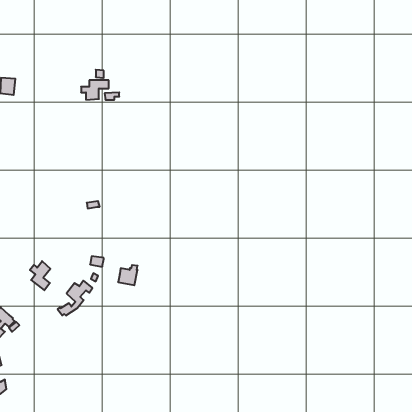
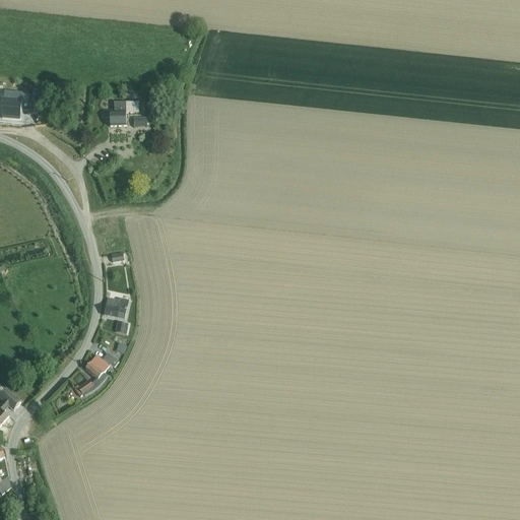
building: [30,261,50,290] -> none
building: [118,265,138,285] -> [102,292,126,318]

